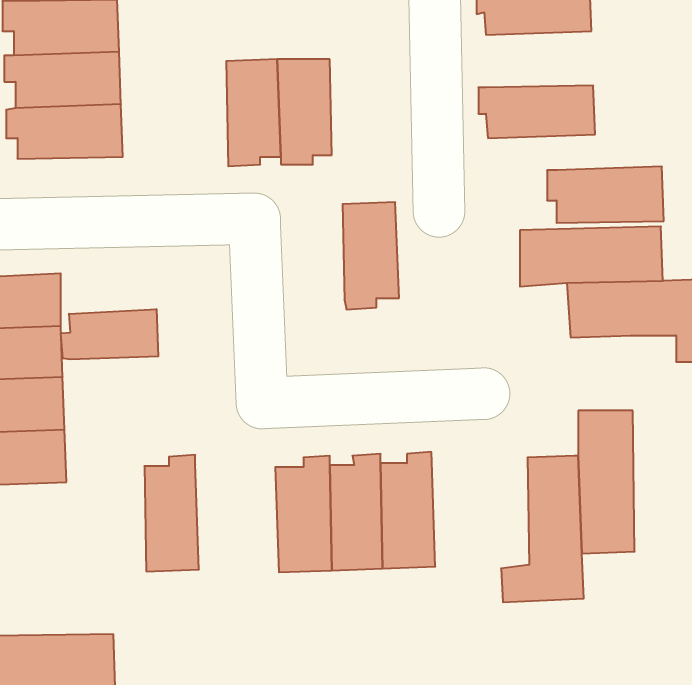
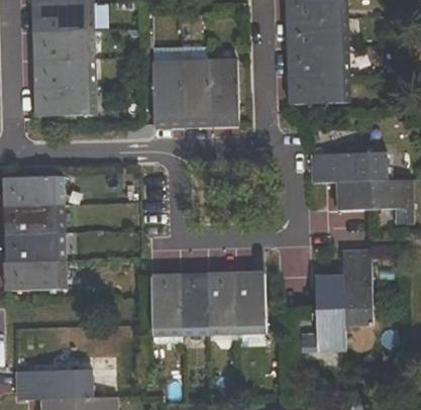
building: [547,167,664,223] -> [287,45,349,76]
building: [343,202,399,309] -> [208,60,238,117]
building: [61,309,158,359] -> none
building: [144,455,199,571] -> [151,275,181,337]

